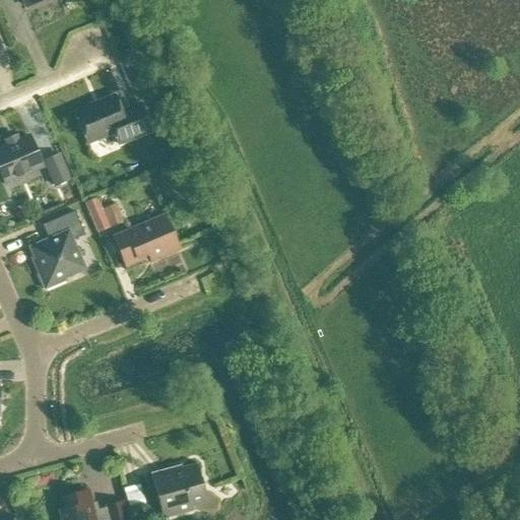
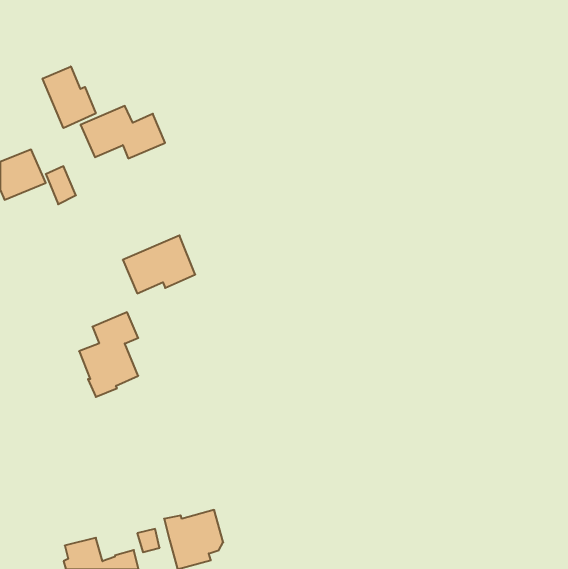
building: none -> [43,66,96,128]
building: [85,196,124,231] -> none
building: [31,211,85,288] -> [79,312,138,397]

